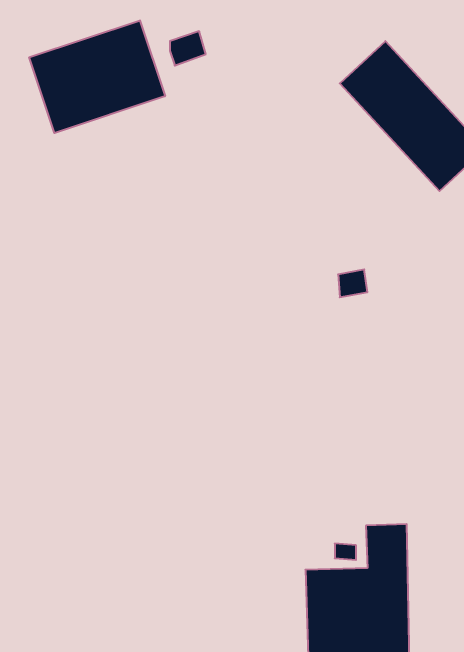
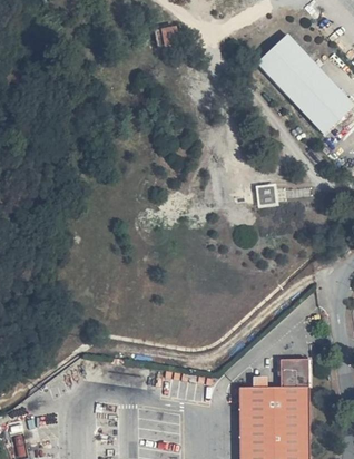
building: [29,20,165,133] -> none

